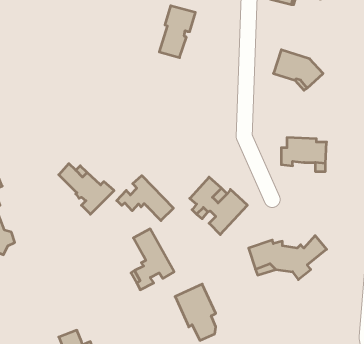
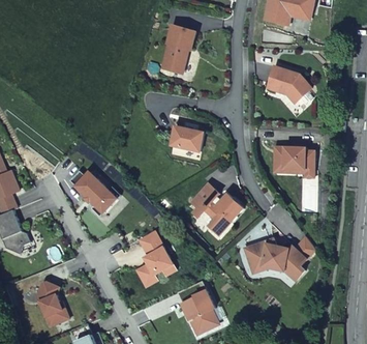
building: none -> [171,125,204,151]
building: [117,176,173,221] -> none
building: none -> [37,281,68,326]

